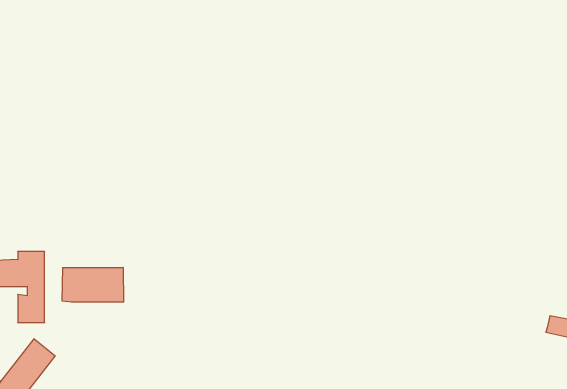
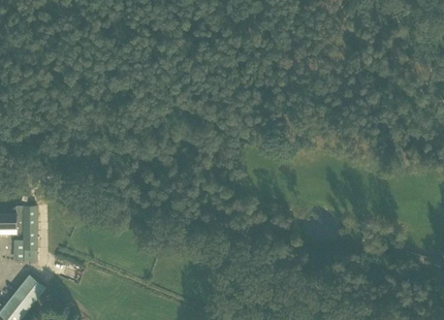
building: [62,267,124,302] -> none

